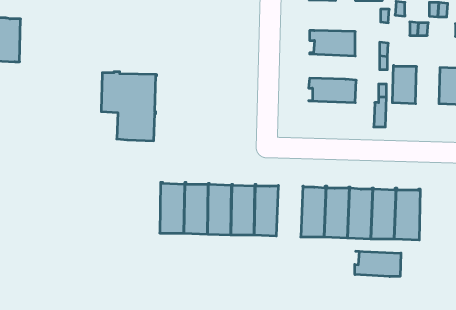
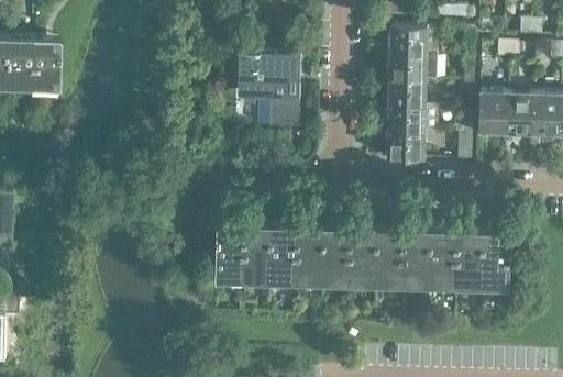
building: none -> [386,27,438,55]
building: none -> [385,80,437,109]
building: none -> [505,95,532,136]
building: [101,72,157,141] -> [239,52,301,130]
building: none -> [384,133,437,162]
building: none -> [347,229,377,287]
building: [355,251,401,277] -> none

